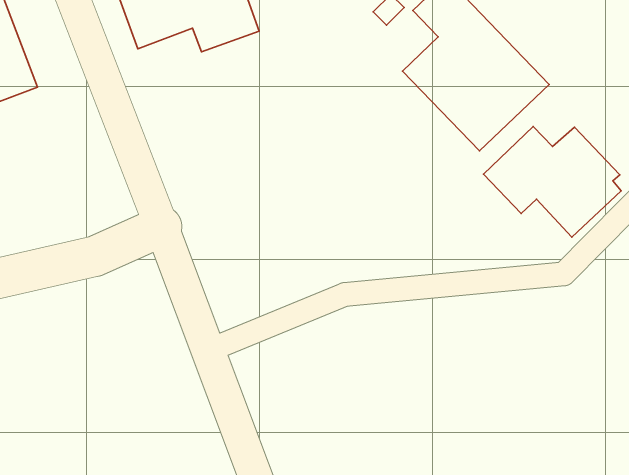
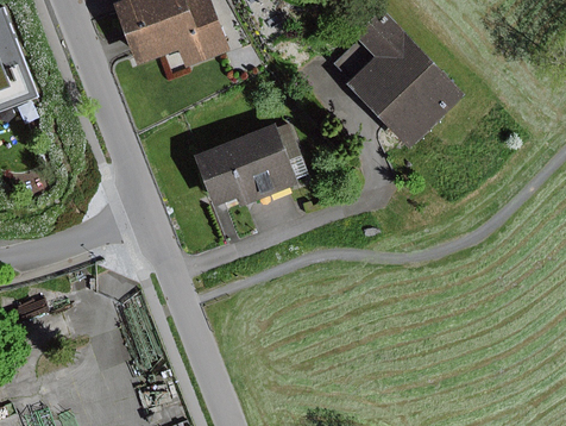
building: none -> [190,123,308,207]
building: [484,126,621,237] -> none

